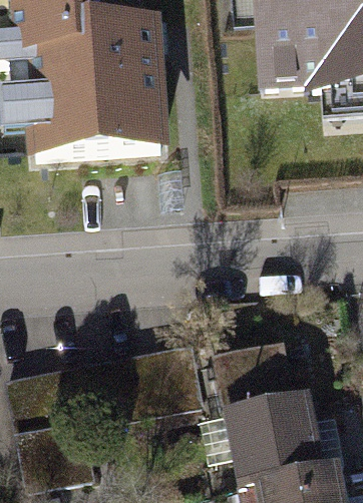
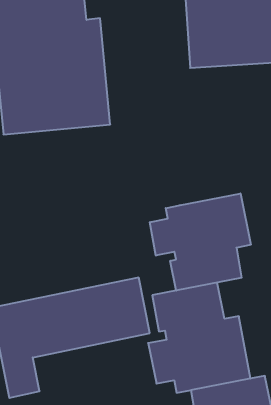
building: none -> [150,193,251,291]

